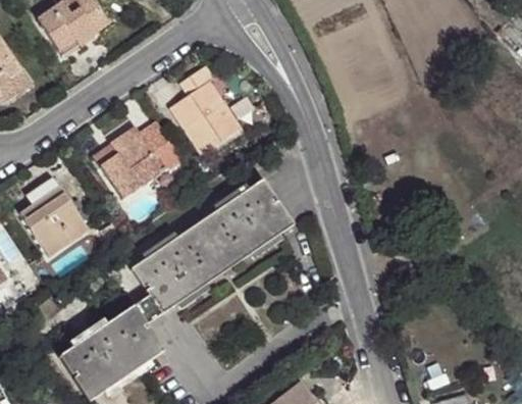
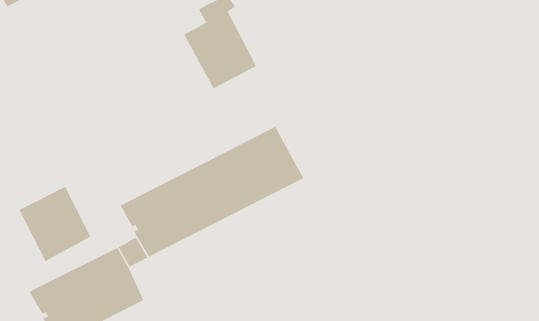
building: [93,121,181,198] -> none
building: [19,186,88,256] -> [19,186,91,262]

